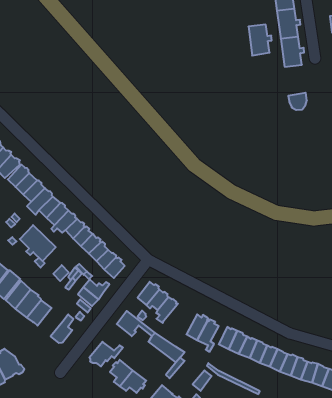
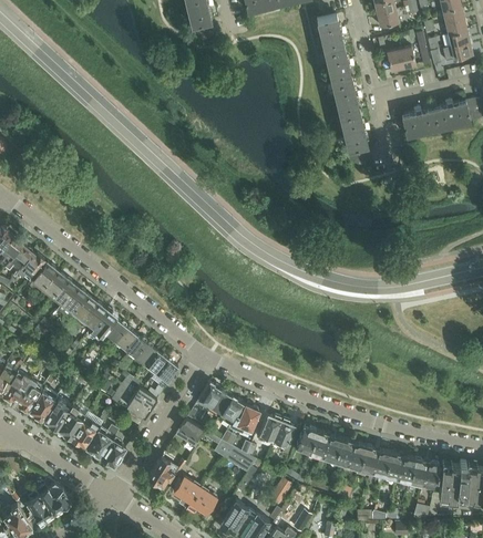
building: [248,25,272,56] -> [339,112,368,149]
building: [20,225,56,261] -> none
building: none -> [229,405,259,435]
building: none -> [85,424,119,456]

